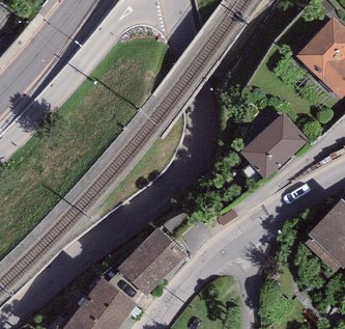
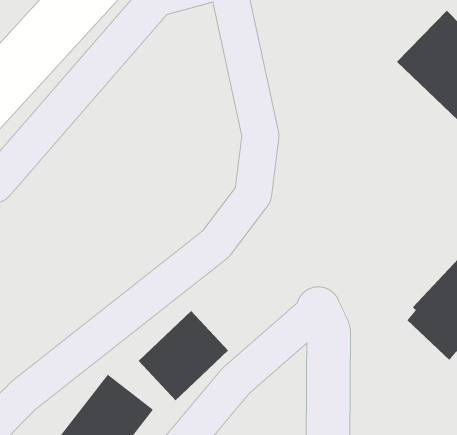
building: [242,115,308,179] -> none

